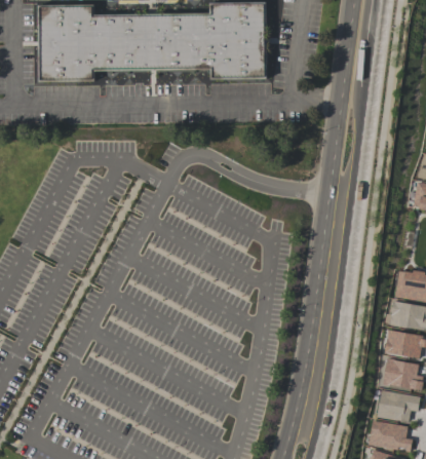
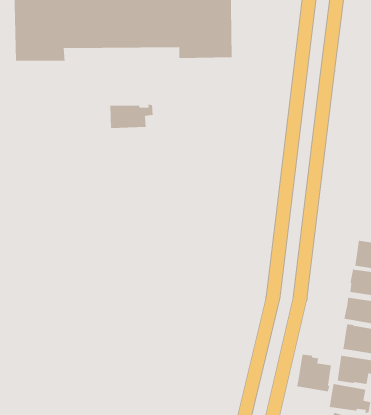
building: none -> [110,104,153,129]
building: none -> [297,354,331,392]

